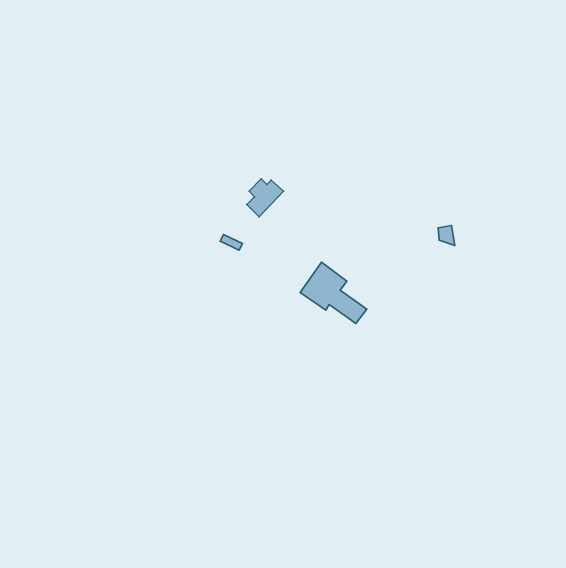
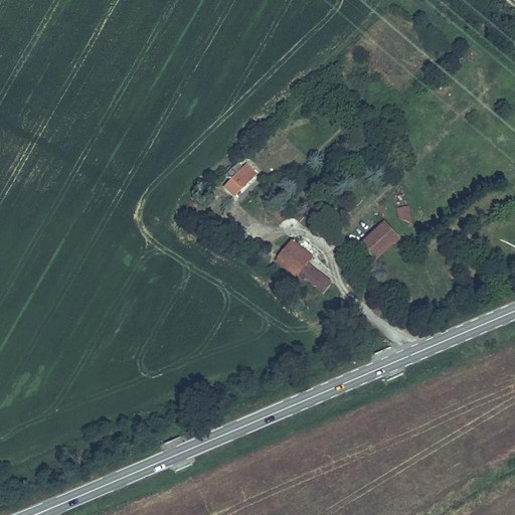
building: none -> [361,220,400,260]

